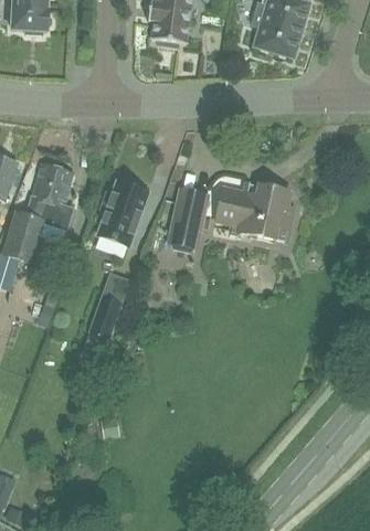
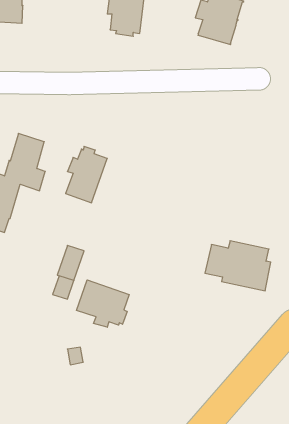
building: [214,181,293,241] -> [205,241,271,291]
building: [165,184,209,248] -> none
building: none -> [77,280,129,327]

